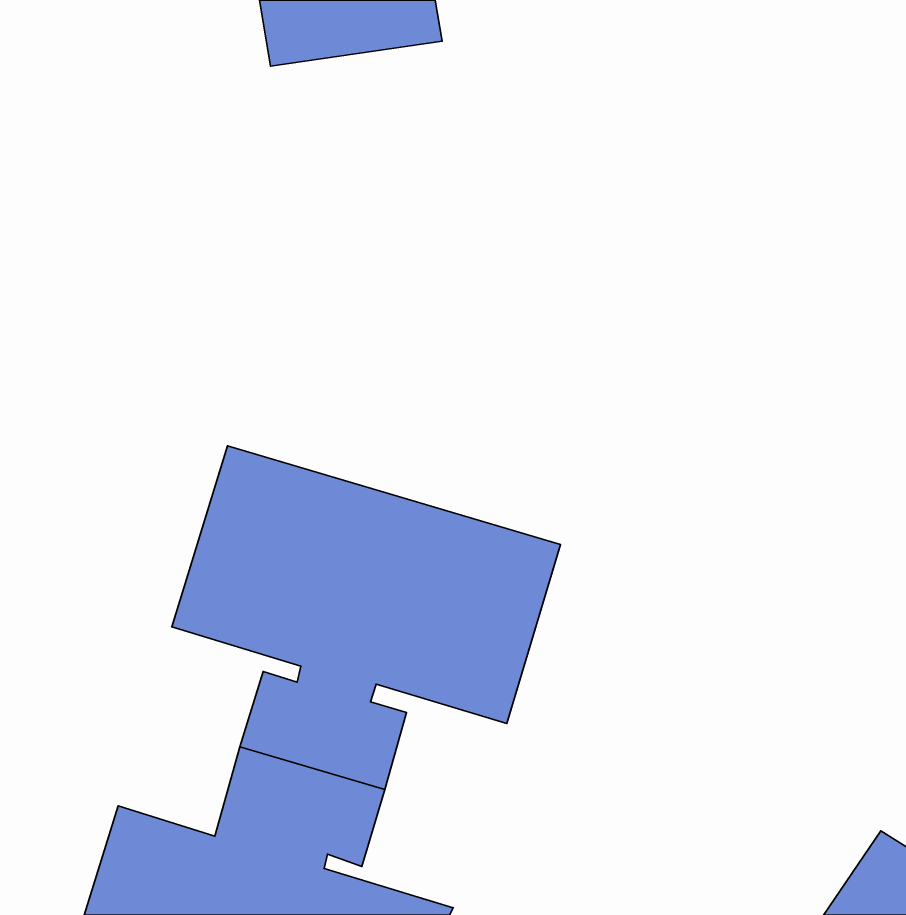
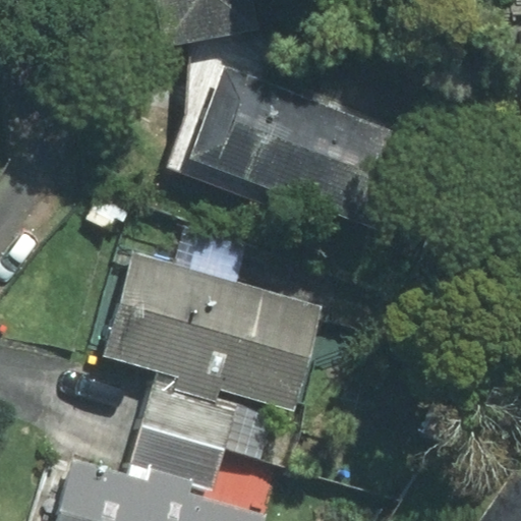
building: none -> [184,59,409,224]

